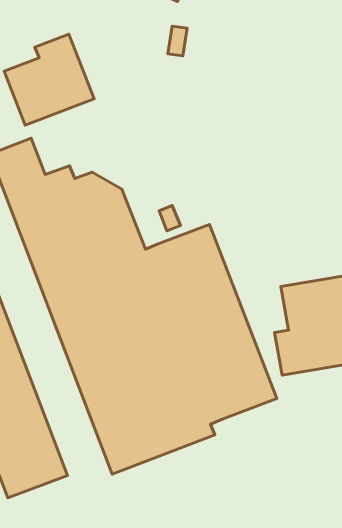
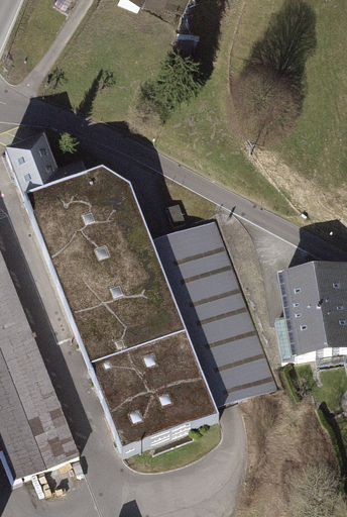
building: [4,34,94,125] -> none

